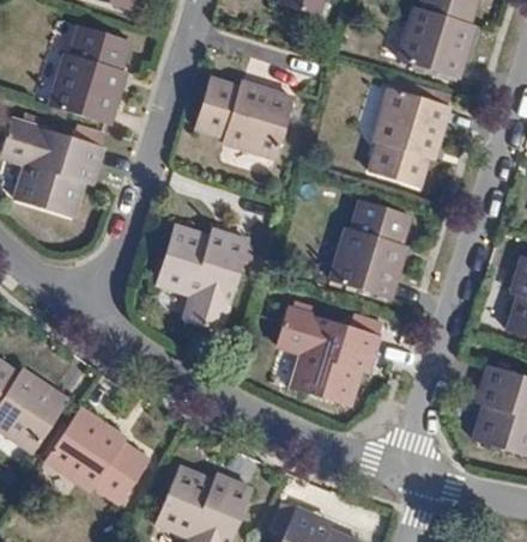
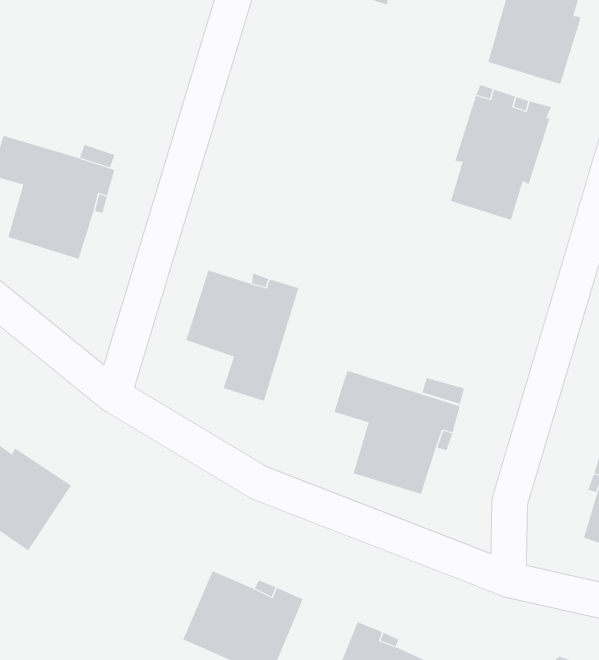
building: [50,24,128,121] -> none
building: [194,78,293,157] -> none
building: [329,200,410,298] -> none
building: [46,408,149,503] -> none

